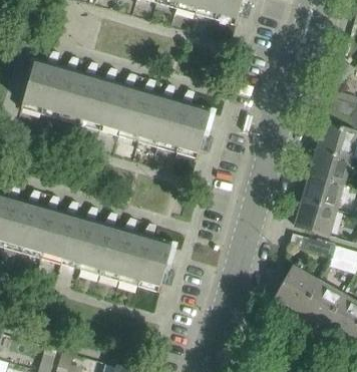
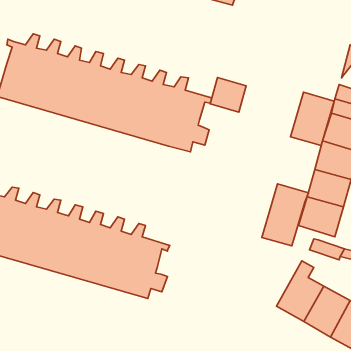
building: none -> [210,78,246,112]
building: none -> [290,92,334,146]
building: none -> [262,184,308,246]

